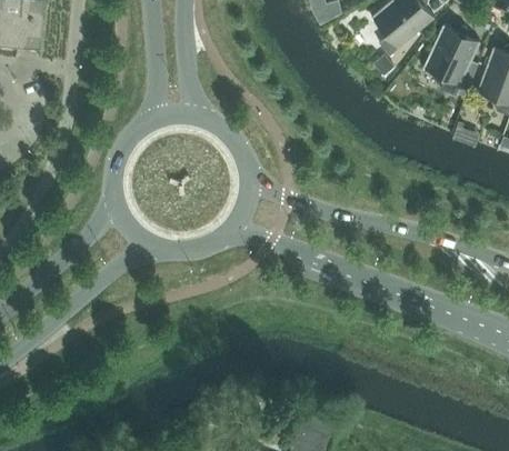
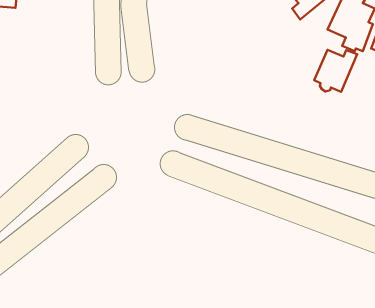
building: none -> [314,50,357,92]

